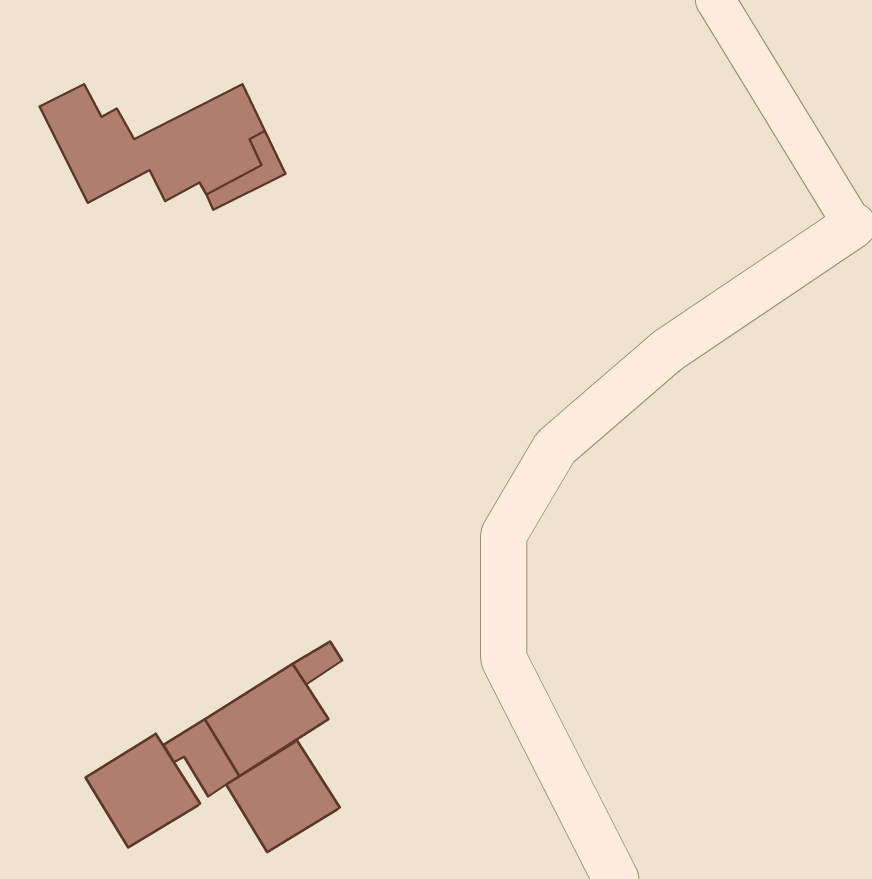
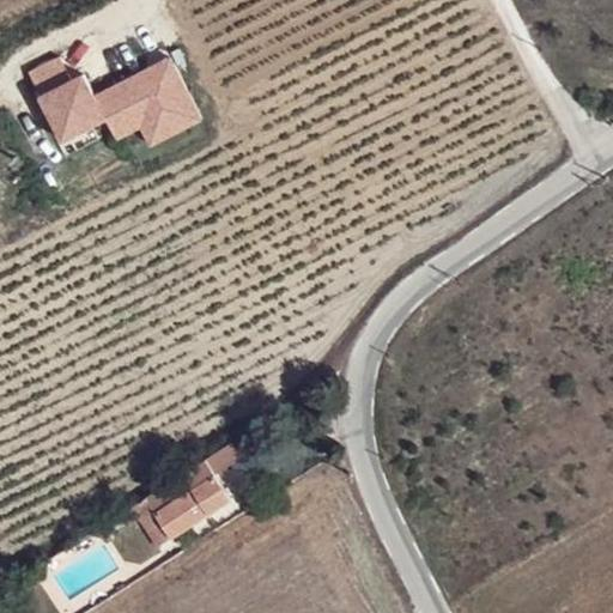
building: [85,734,200,848] -> none
building: [226,740,340,852] -> none

